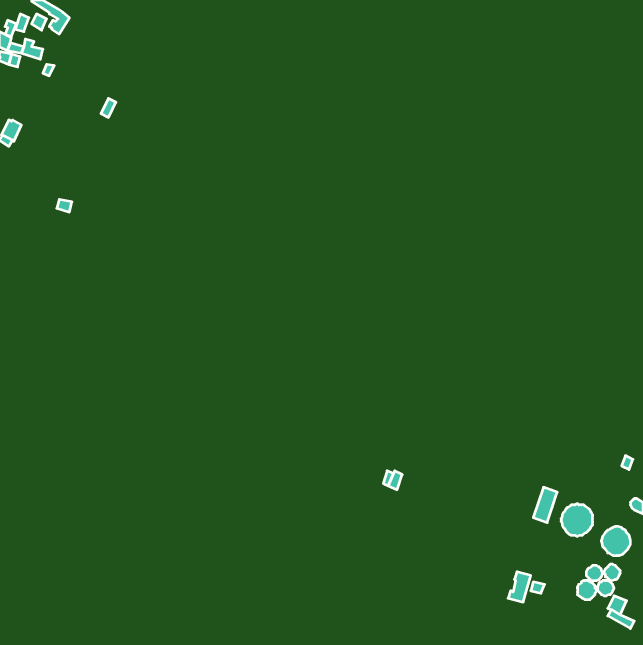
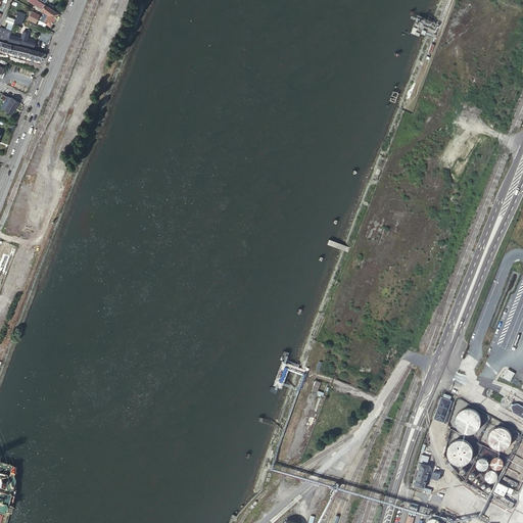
building: none -> [443,440,472,469]

